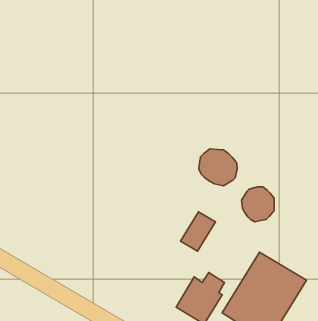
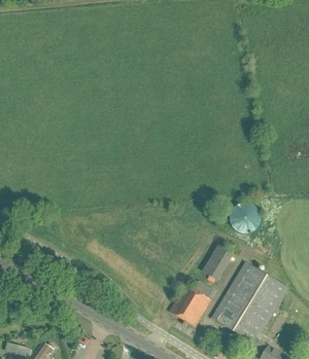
building: [199,149,237,186] -> none
building: [181,212,216,251] -> [201,245,233,281]

